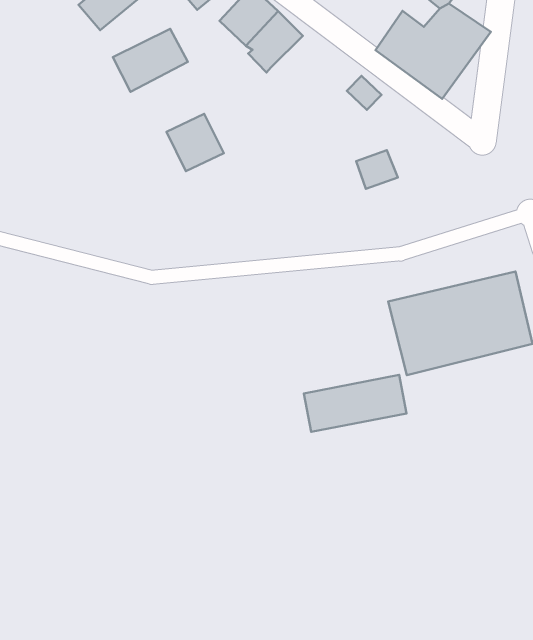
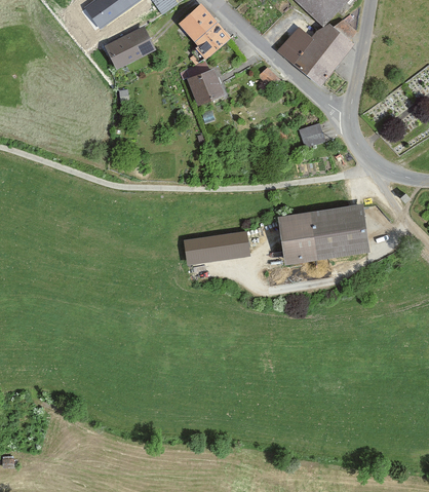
building: [166,114,224,171] -> [187,68,224,105]
building: [356,150,398,189] -> [298,122,324,147]
building: [304,375,406,432] -> [184,231,250,265]

